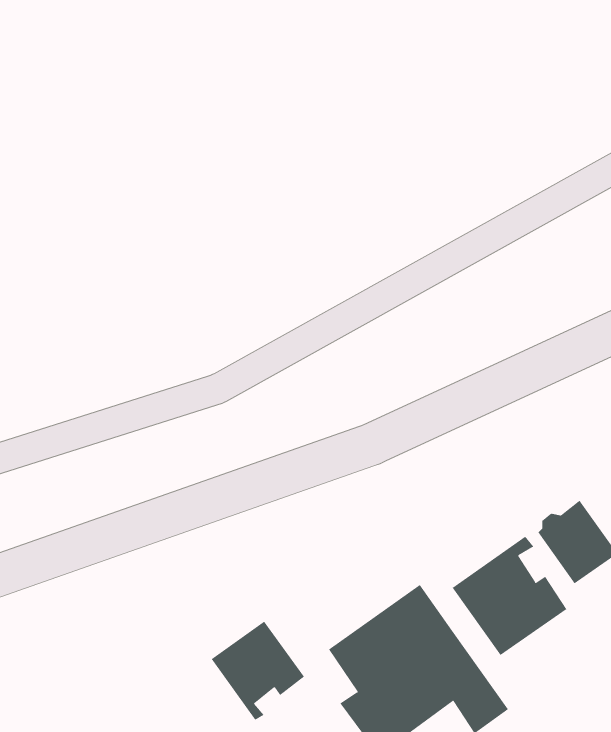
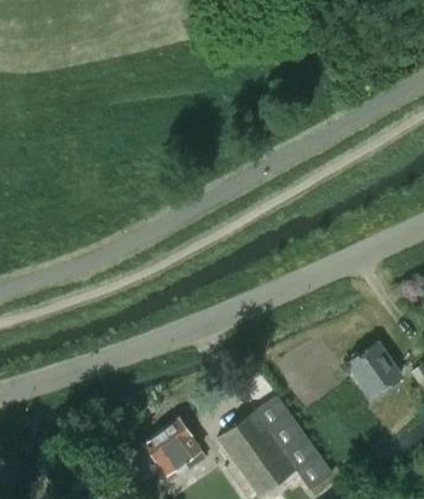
building: [452,536,567,656] -> none

